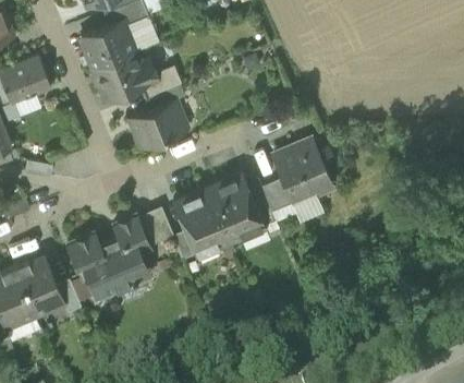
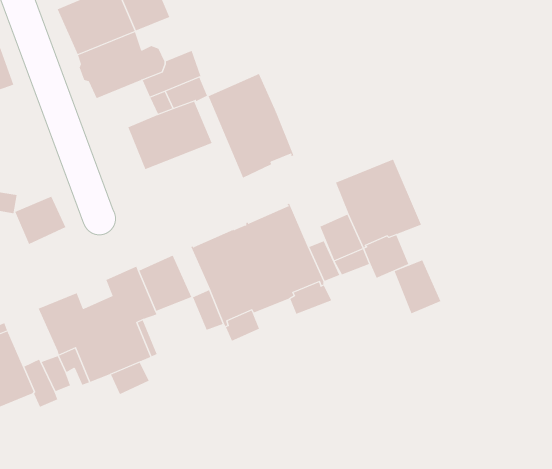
building: none -> [208,73,294,179]
building: none -> [15,196,66,245]
building: none -> [394,259,441,314]

